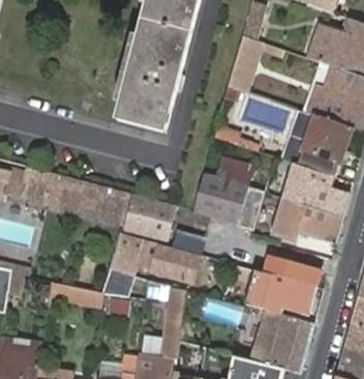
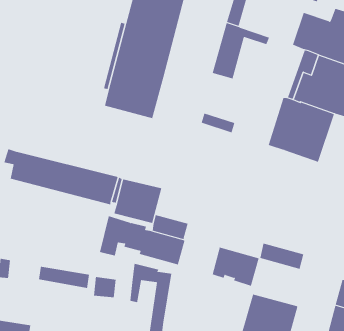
building: [193,157,264,228] -> none
building: [270,173,350,243] -> none
building: [266,274,315,315] -> none

